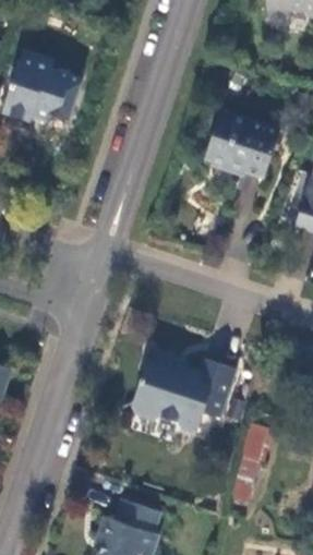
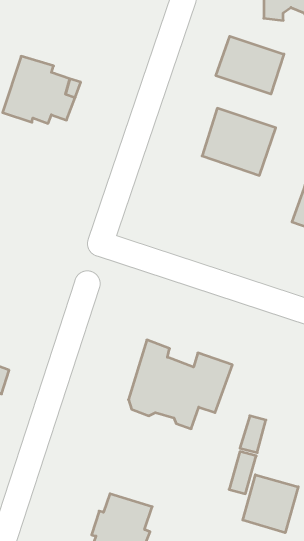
building: none -> [216,36,284,94]
building: none -> [243,475,298,533]

